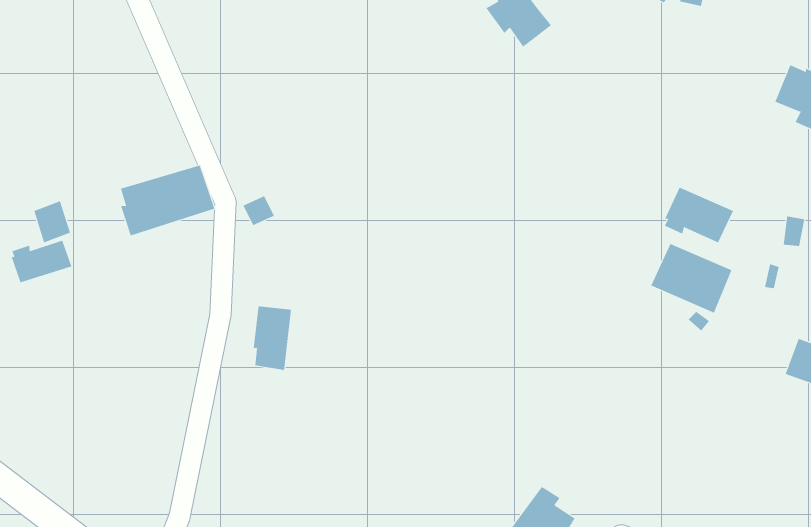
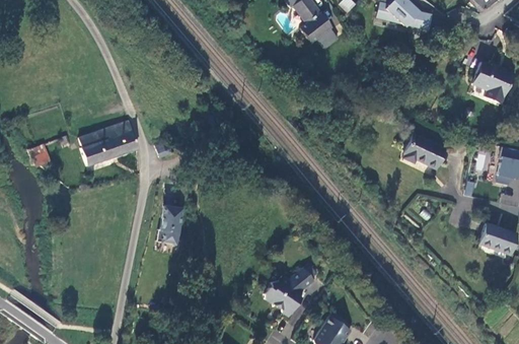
building: [11,240,72,283] -> none
building: [650,243,732,314] -> none
building: none -> [268,265,316,315]

